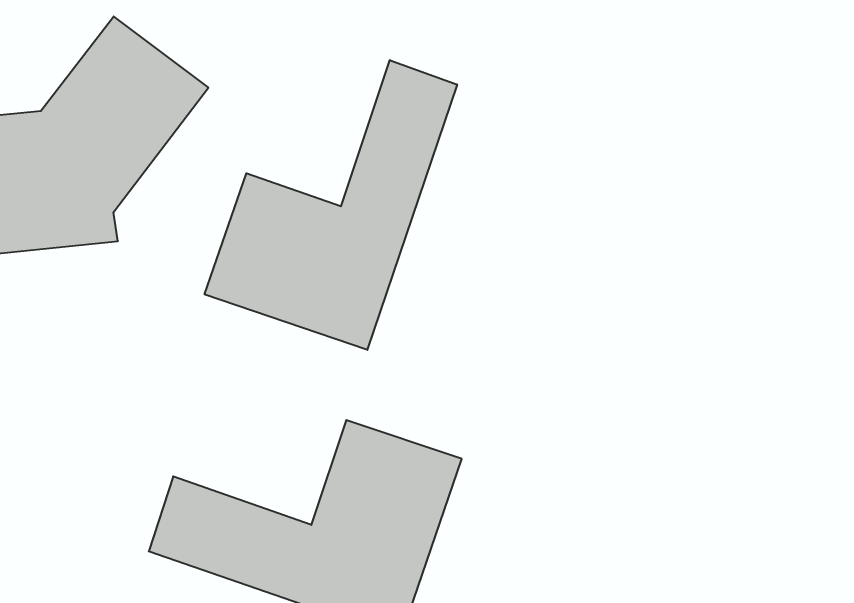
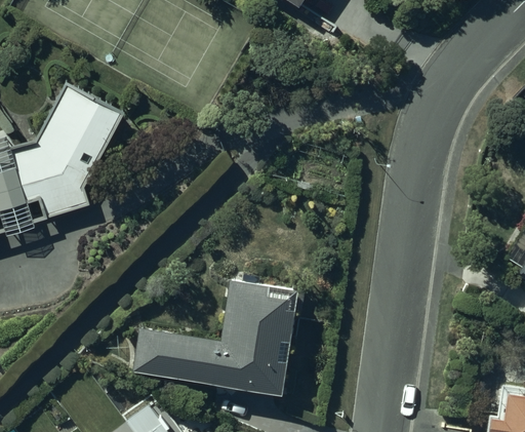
building: [205,60,457,350] -> none

